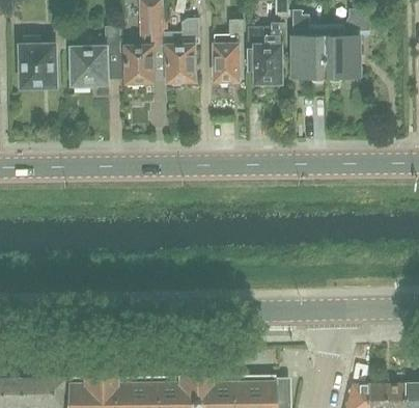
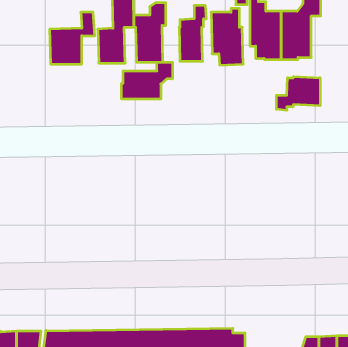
building: [21,25,64,86] -> none
building: none -> [122,62,172,99]
building: none -> [276,77,320,110]

